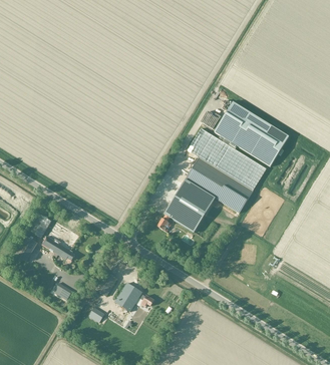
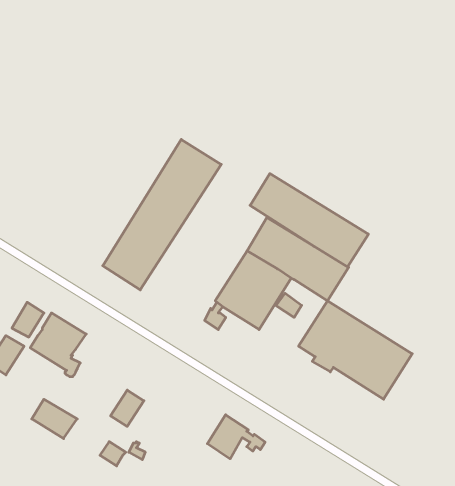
building: [214,101,289,166] -> [299,301,412,399]
building: none -> [103,139,221,290]
building: [115,282,153,311] -> [207,415,265,459]

